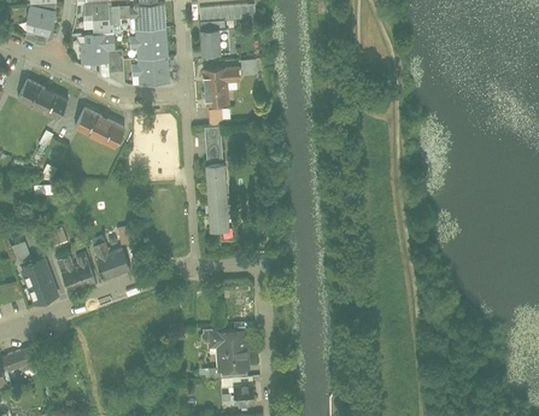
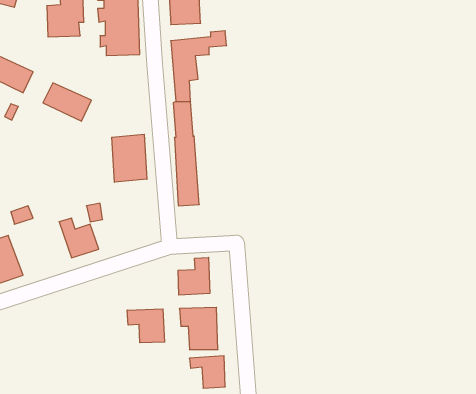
building: none -> [112,134,147,182]
building: [57,253,96,293] -> none
building: none -> [178,257,210,295]
building: none -> [127,309,165,343]

